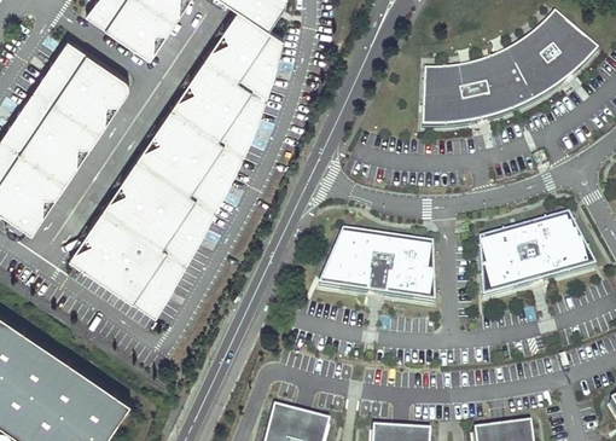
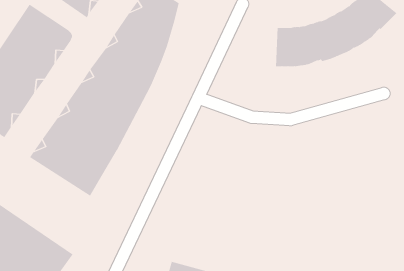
building: [477,216,593,300] -> none
building: [316,233,432,302] -> none

